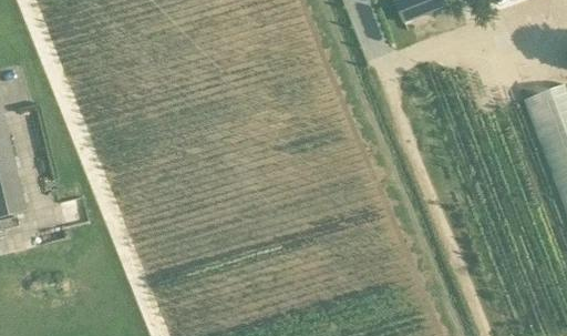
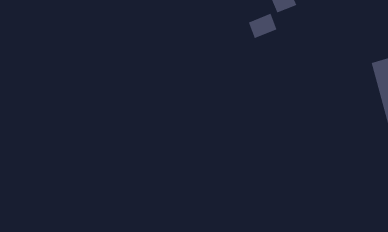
building: none -> [248,13,277,39]

